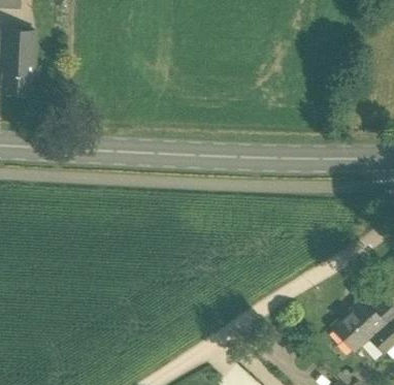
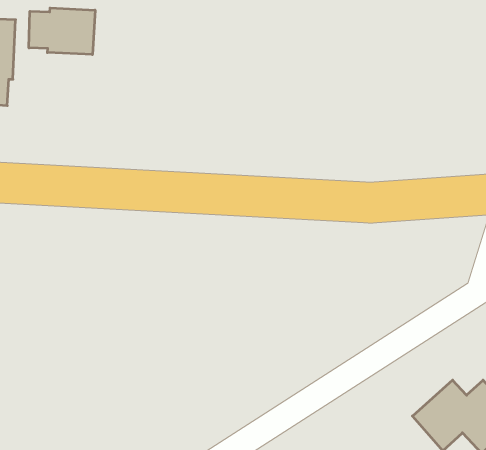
building: none -> [29,8,95,55]

